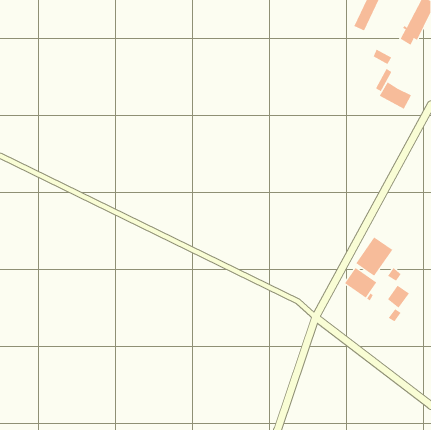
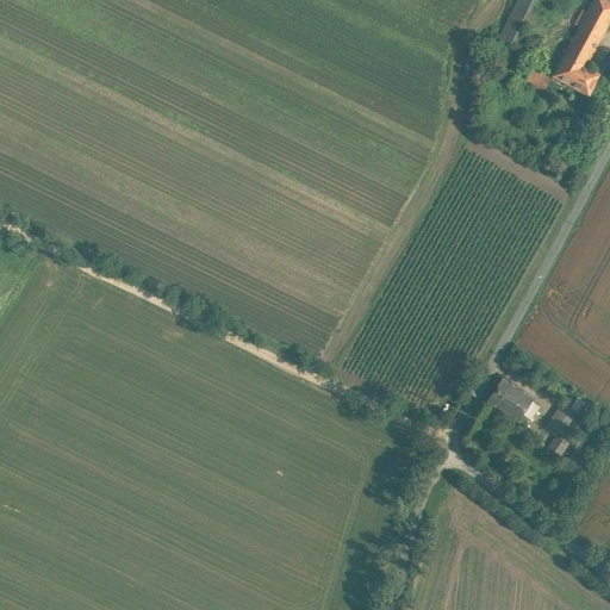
building: [379,82,412,109] -> [553,55,599,94]
building: [356,236,393,277] -> none

